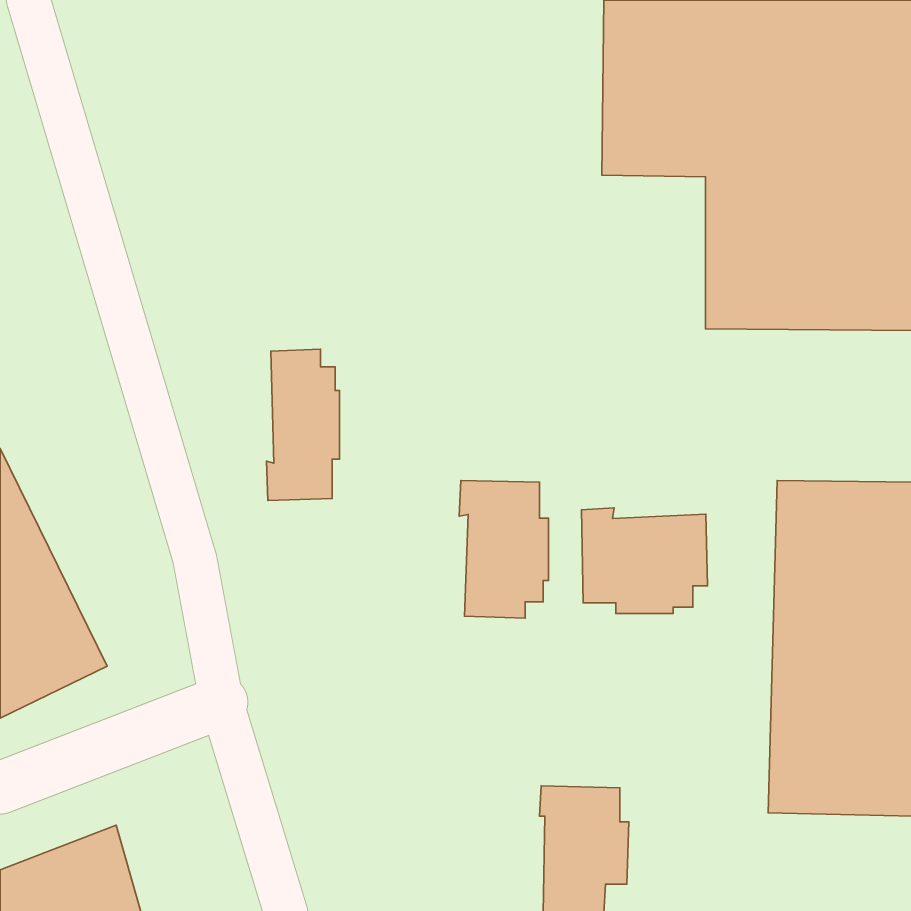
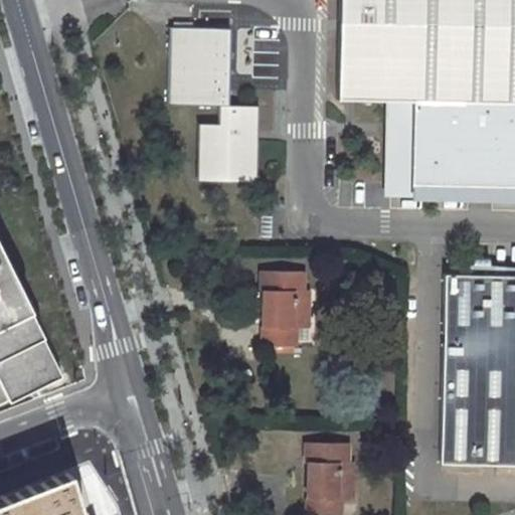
building: none -> [168,26,265,179]
building: [266,349,340,501] -> none
building: [581,508,708,613] -> none

